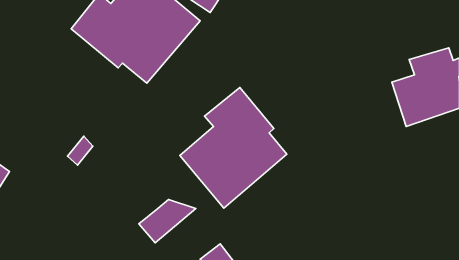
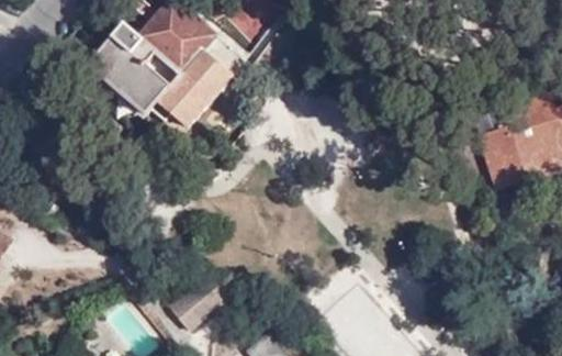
building: [180,88,287,208] -> none

